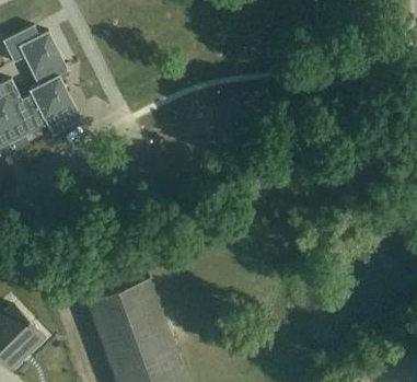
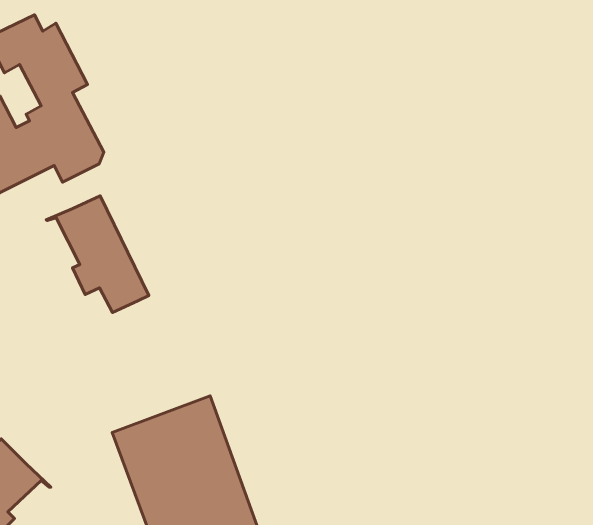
building: none -> [46,196,149,313]

